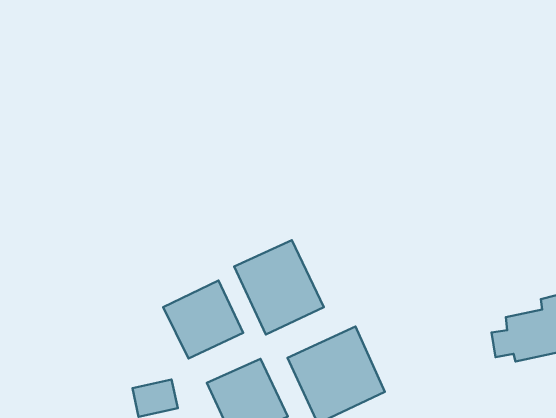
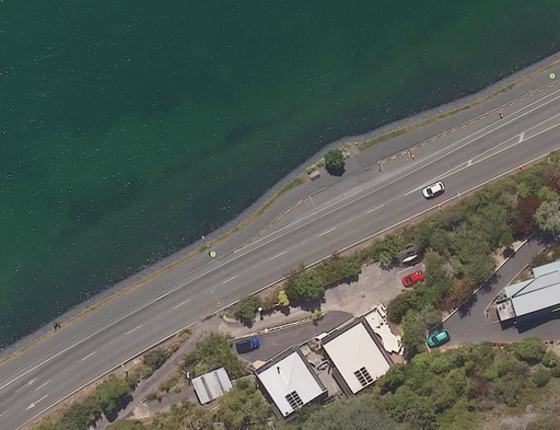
building: [234,240,324,335] -> none
building: [163,280,243,358] -> none

